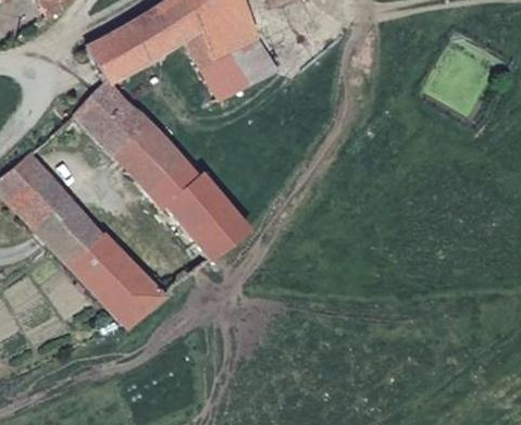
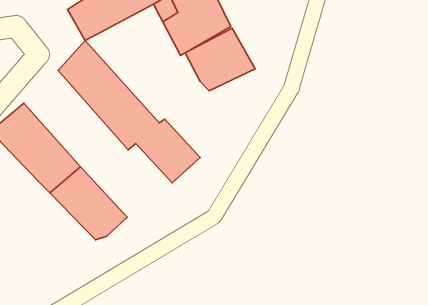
building: none -> [185,28,255,91]

